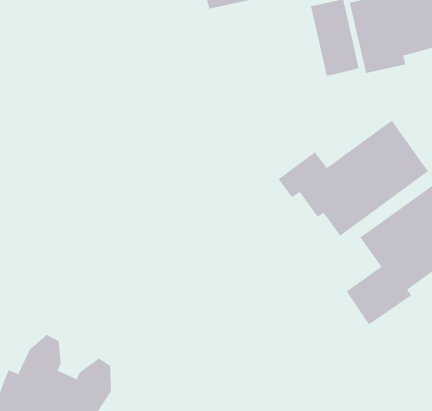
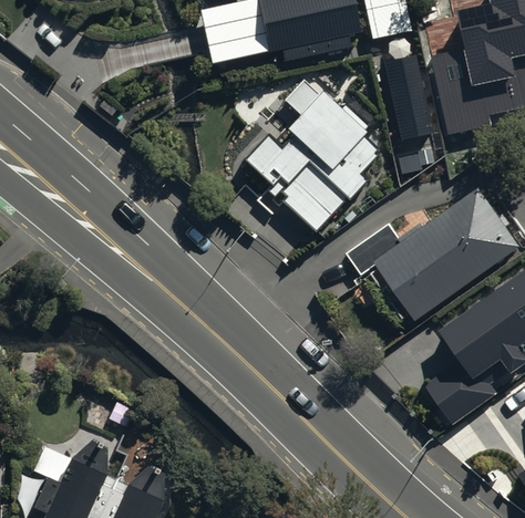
building: none -> [244,75,382,226]

